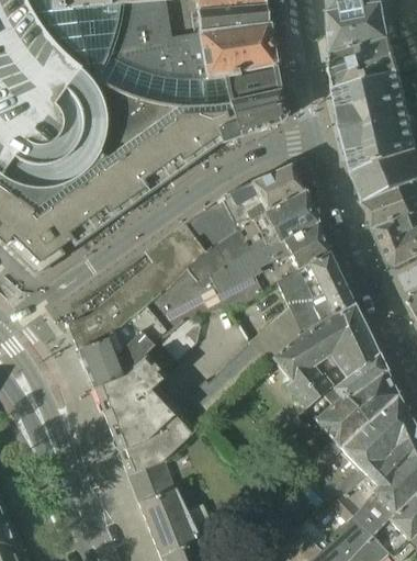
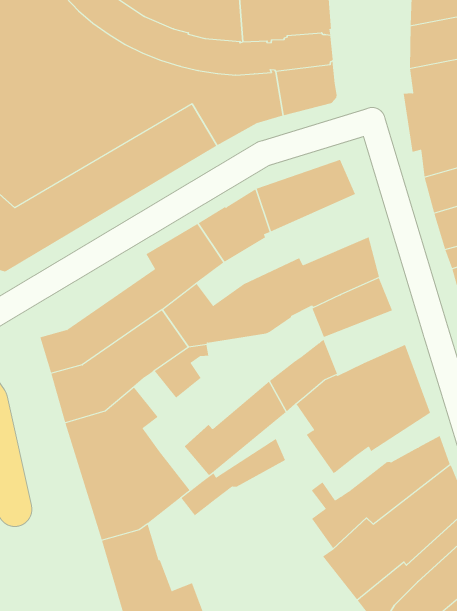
building: [187,188,317,283] -> none
building: [289,276,352,329] -> none
building: [306,352,385,418] -> [181,438,286,516]

